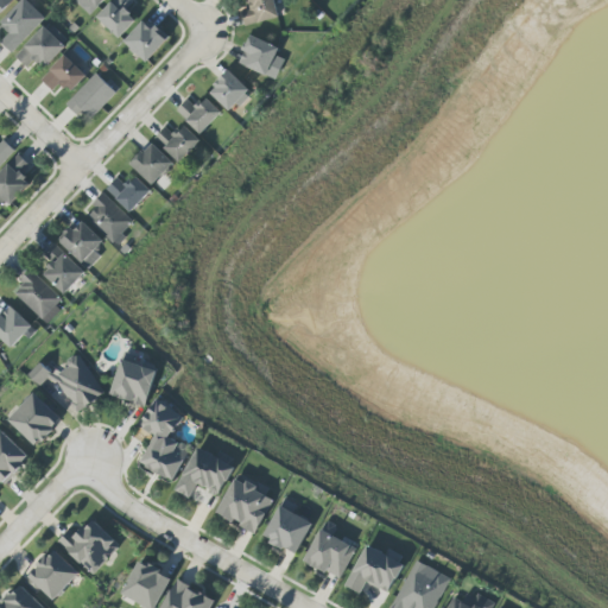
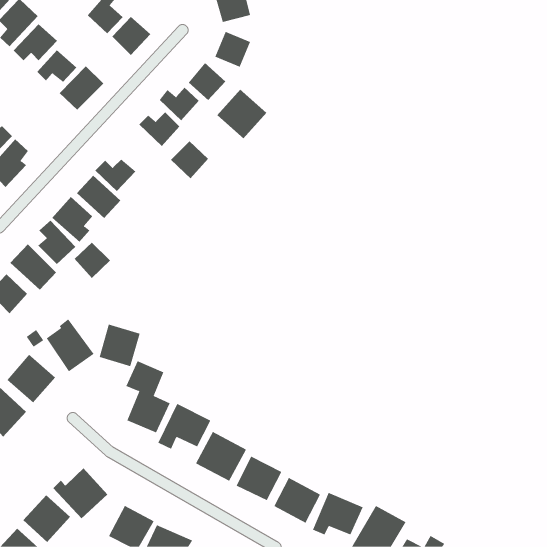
building: none -> [217,89,267,139]
building: [129,142,172,185] -> [170,141,209,179]
building: none -> [74,242,111,279]

